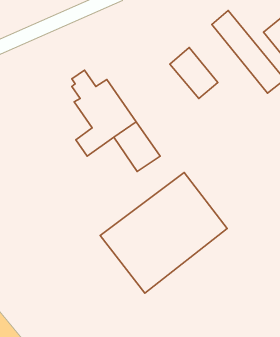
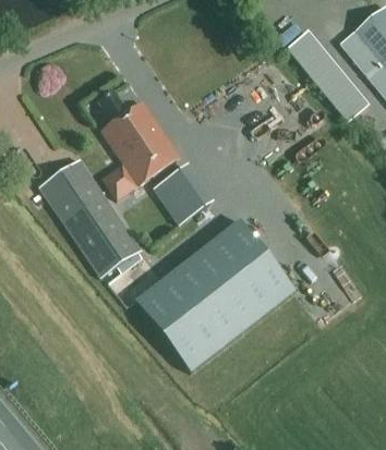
building: [170,48,218,98] -> none
building: none -> [37,157,142,278]

